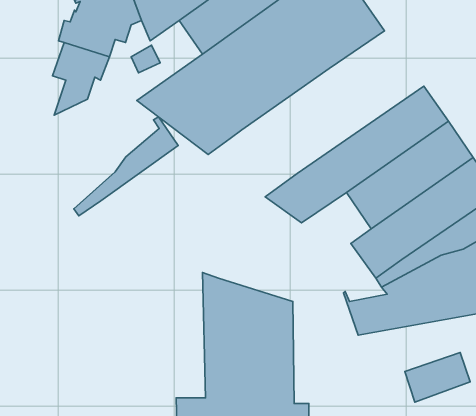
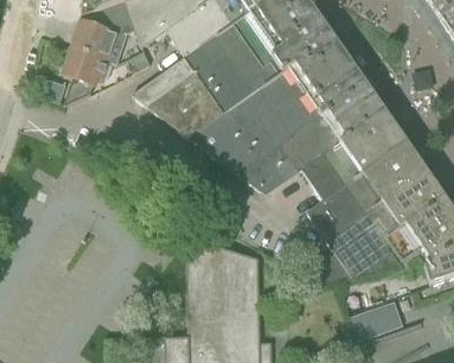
building: none -> [191,37,366,172]
building: [74,117,178,216] -> none

